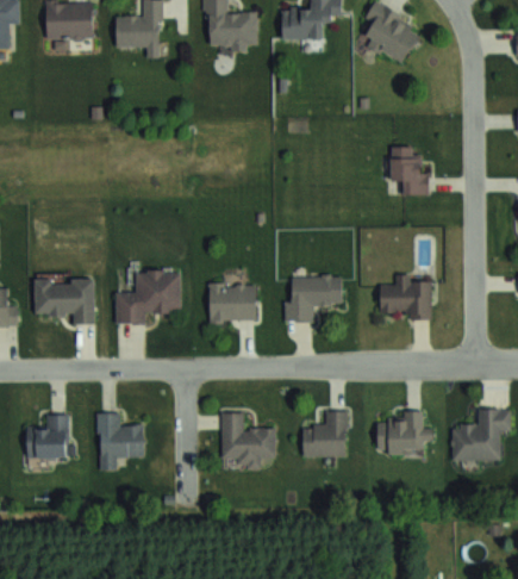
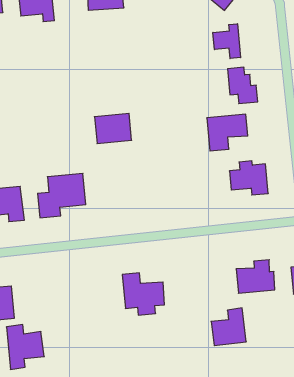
building: none -> [213,24,241,59]
building: [288,276,342,322] -> [207,114,248,151]
building: [208,285,256,322] -> [94,113,132,144]
building: [302,410,348,457] -> [211,308,246,346]
building: [98,411,145,471] -> [6,325,44,369]

